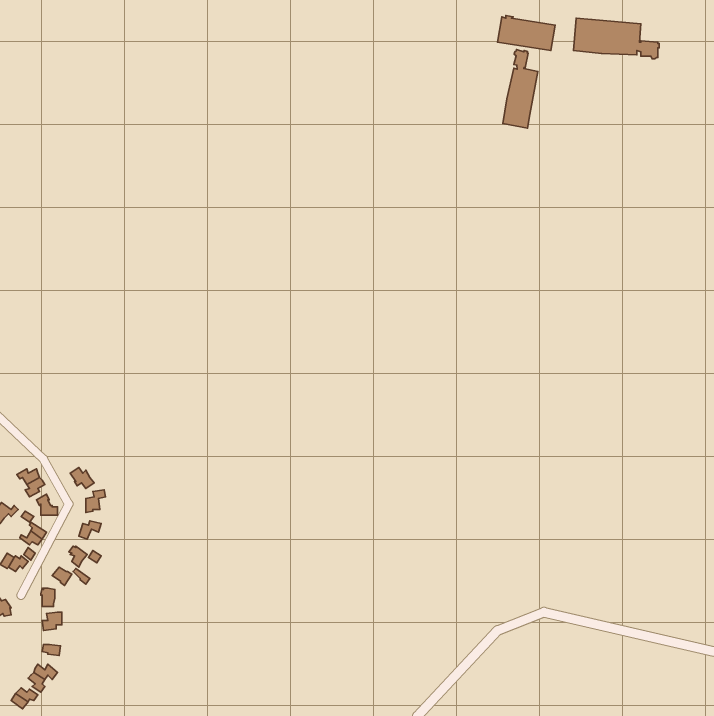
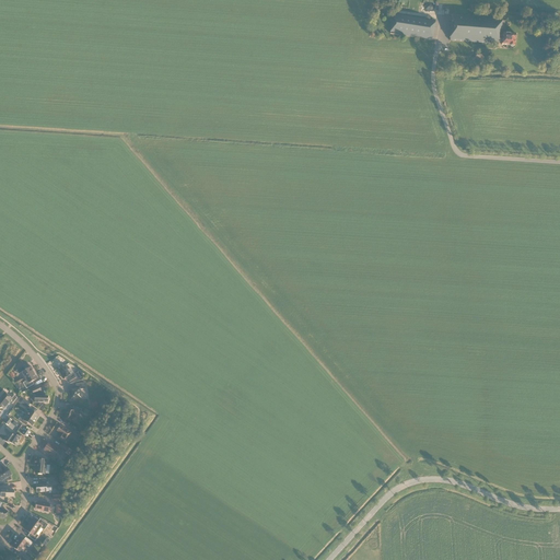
building: [503,50,538,128] -> none

